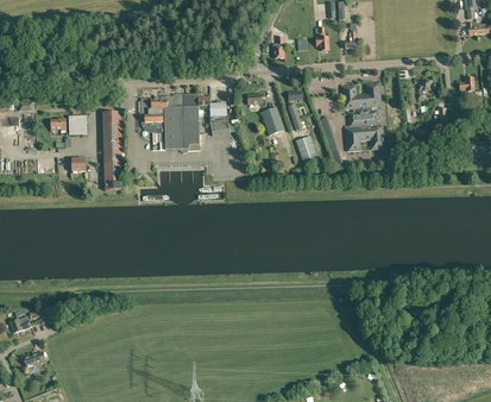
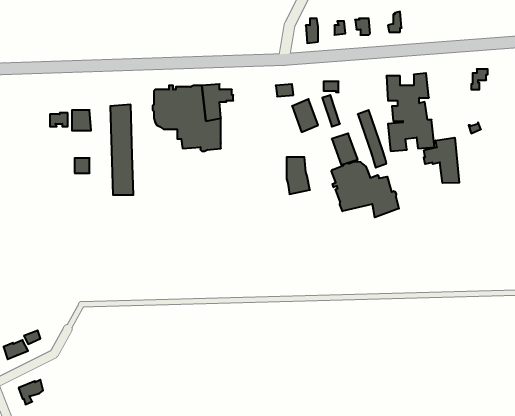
building: [210,103,231,136] -> [287,157,310,194]
building: none -> [424,138,459,183]
building: none -> [331,162,399,217]

